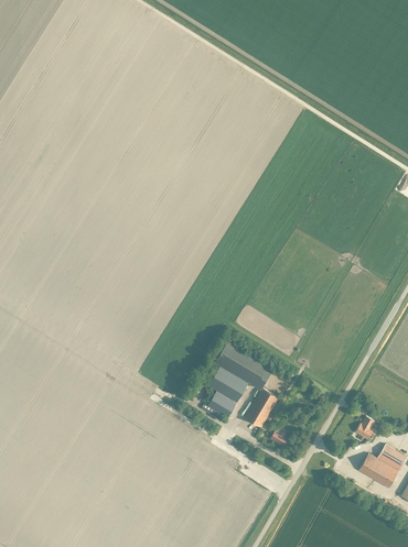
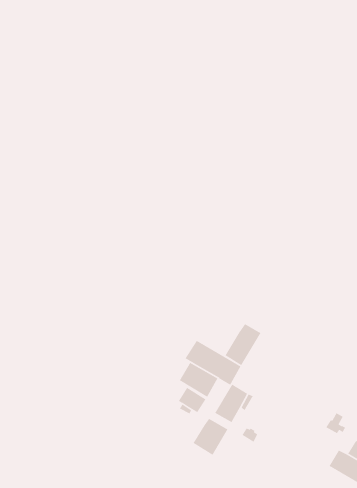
building: none -> [225,323,261,366]
building: none -> [193,418,228,456]

